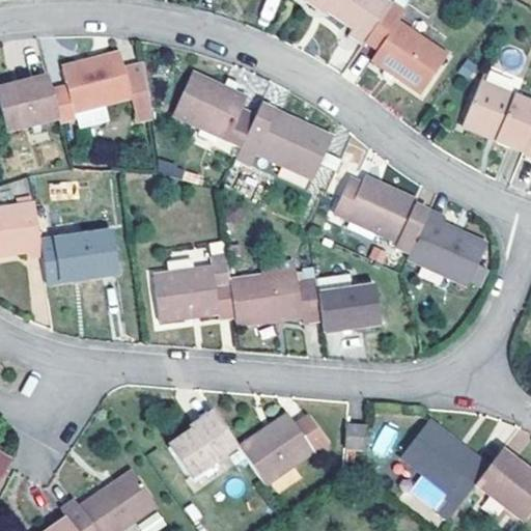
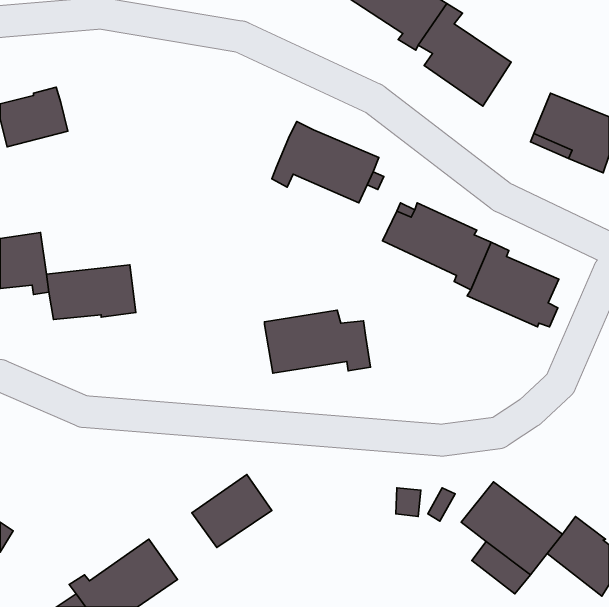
building: [53,52,153,127] -> none
building: [173,73,252,145] -> none
building: [153,252,230,320] -> none
building: [318,285,381,332] -> none
building: [239,413,331,483] -> none

